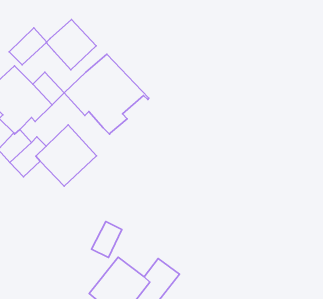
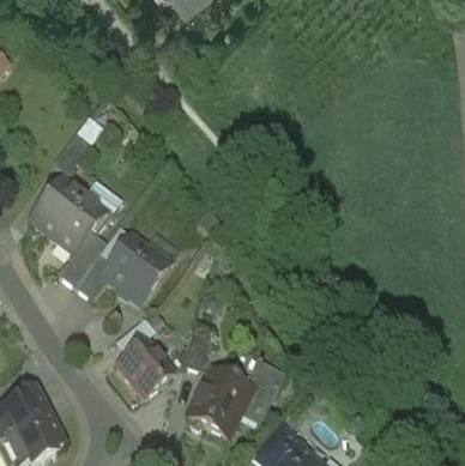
building: [46,19,96,70] -> none
building: [64,54,149,134] -> none
building: none -> [116,339,173,397]

